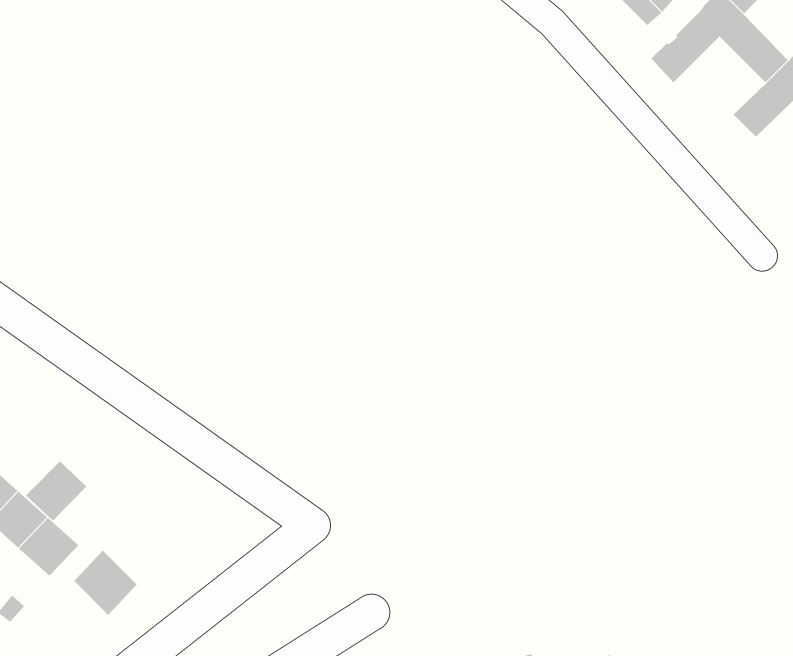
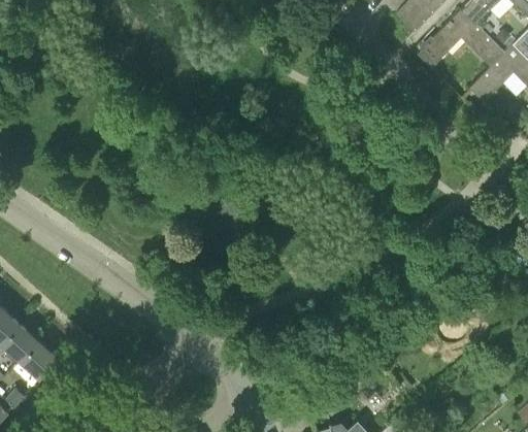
building: [25,461,87,522] -> none
building: [73,550,138,616] -> none

